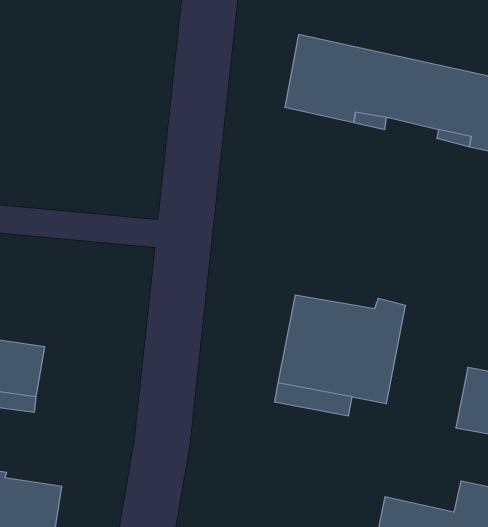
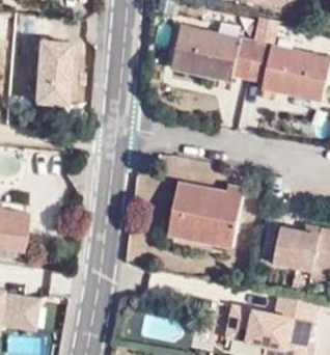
building: none -> [34,40,71,103]

